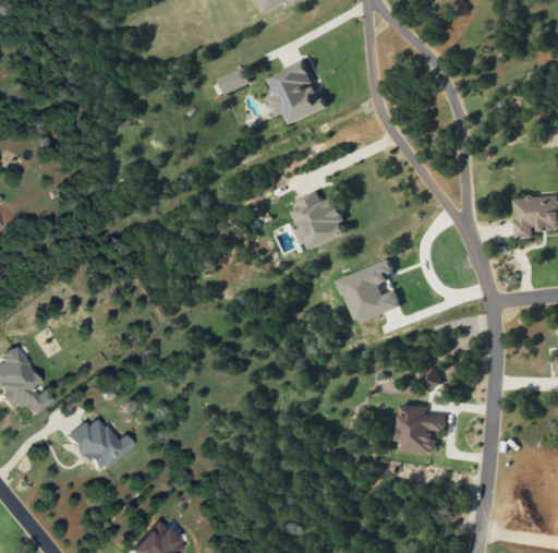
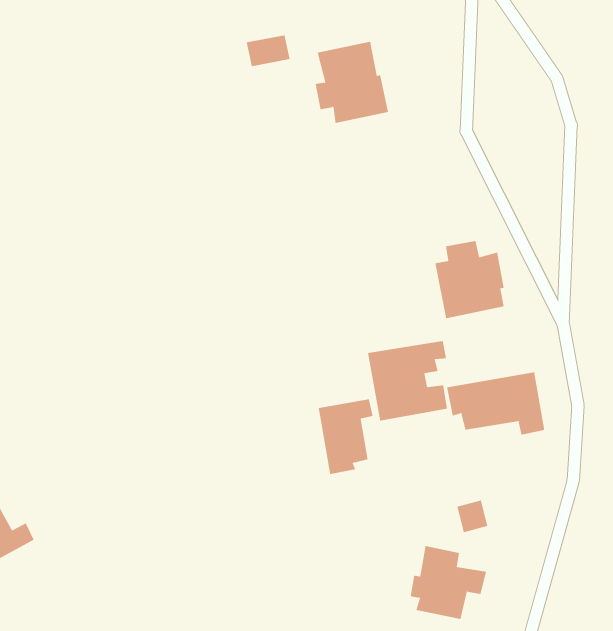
building: [291,191,344,249] -> [434,240,505,319]
building: none -> [447,372,545,436]
building: none -> [318,398,373,475]

